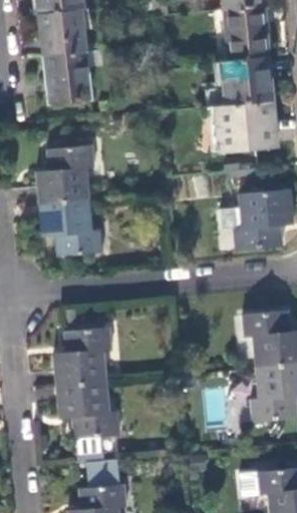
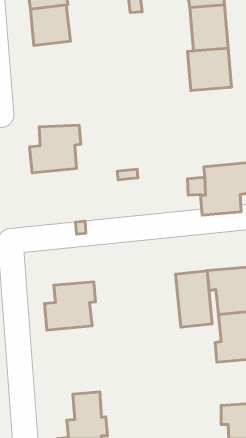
building: [41,49,88,101] -> none
building: [213,102,275,152] -> none
building: [39,196,103,255] -> none
building: none -> [176,271,212,327]
building: [56,379,120,453] -> none

